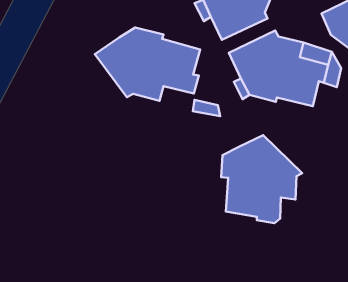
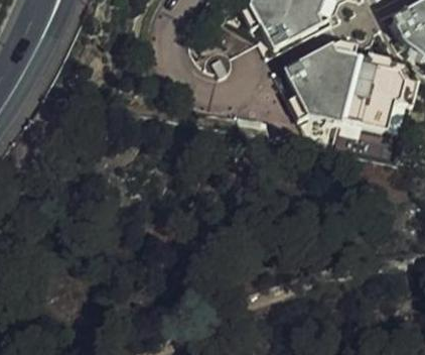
building: [95,27,200,101] -> none
building: [221,135,302,223] -> none

